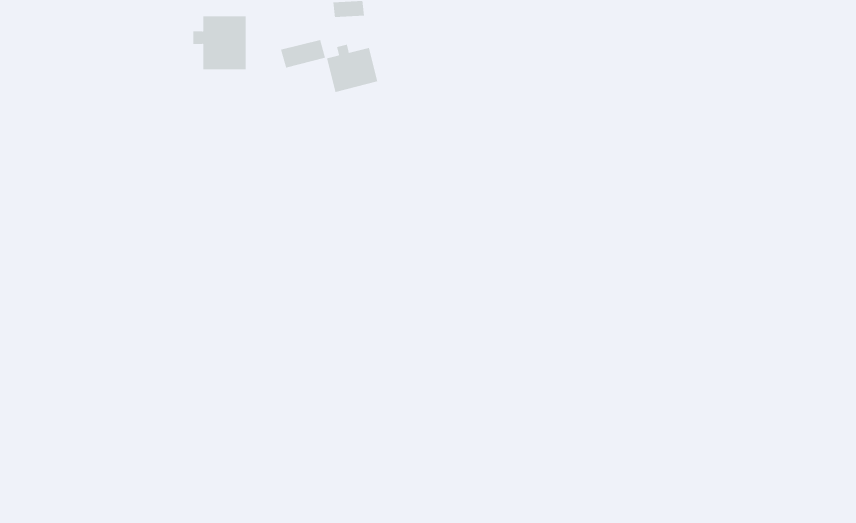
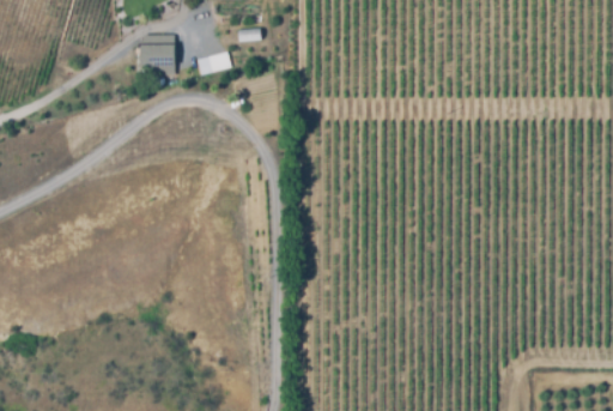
building: [326,44,378,93] -> none

